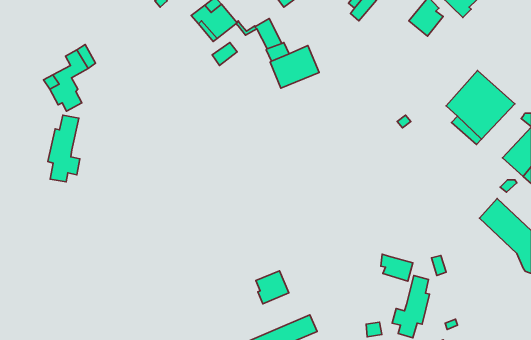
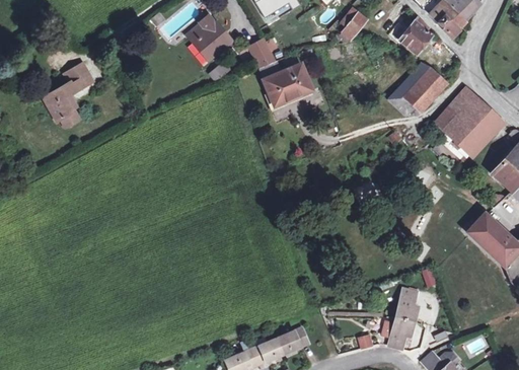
building: none -> [387,63,447,116]
building: [48,115,80,182] -> none
building: [381,254,413,281] -> none
building: [256,271,289,304] -> none

